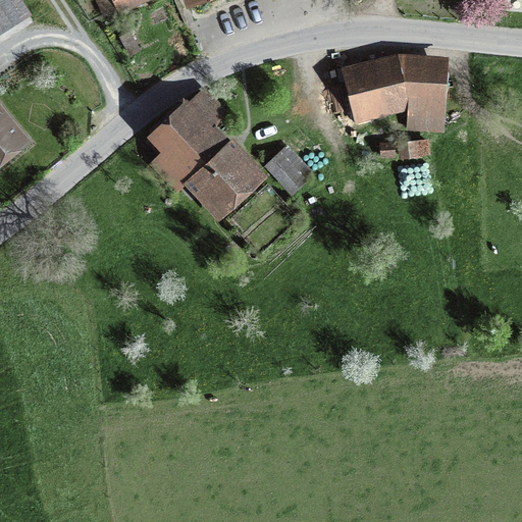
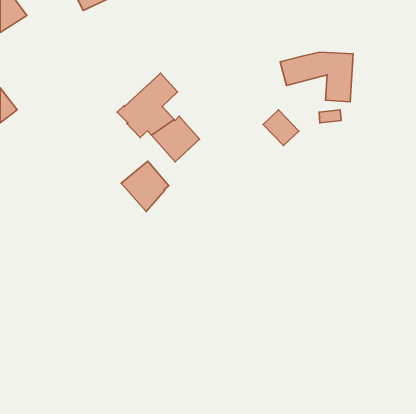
building: [267,145,312,190] -> [263,110,299,146]
building: none -> [121,161,169,212]

